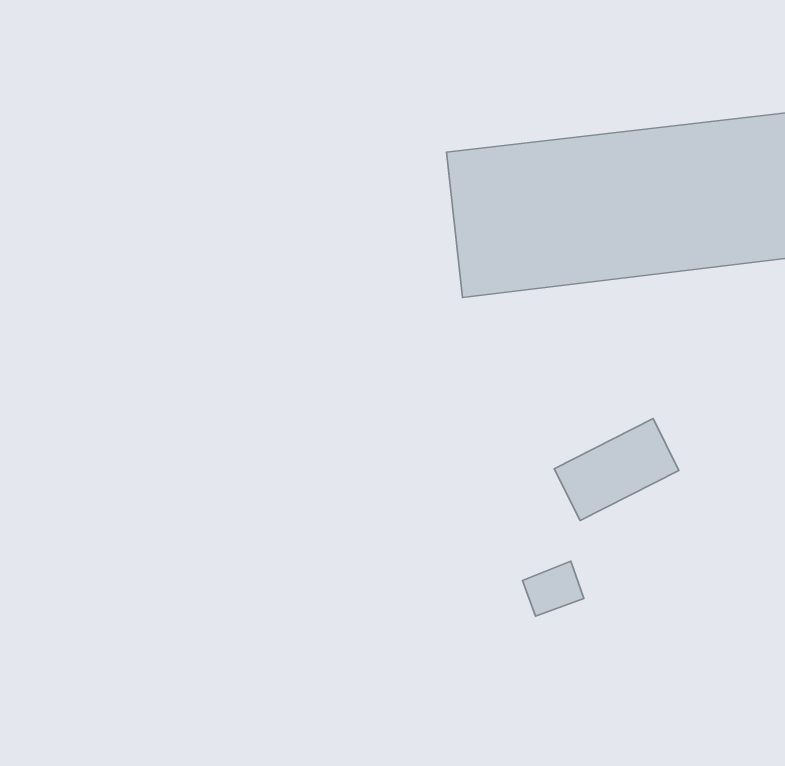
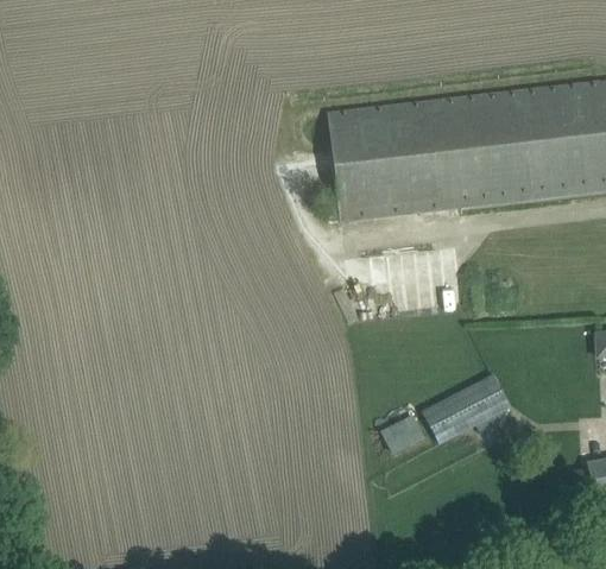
building: [554,419,679,521] -> [422,372,513,447]

